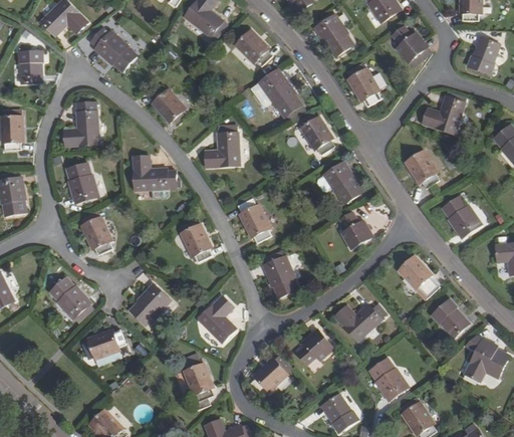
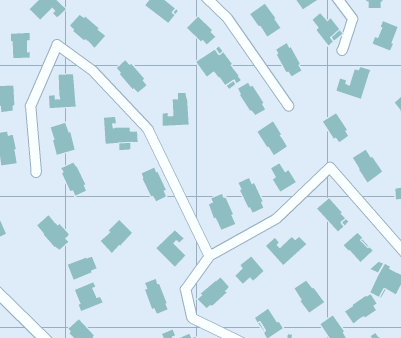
building: [238,198,271,243] -> [238,177,264,214]
building: none -> [74,282,104,312]
building: none -> [344,294,378,324]

